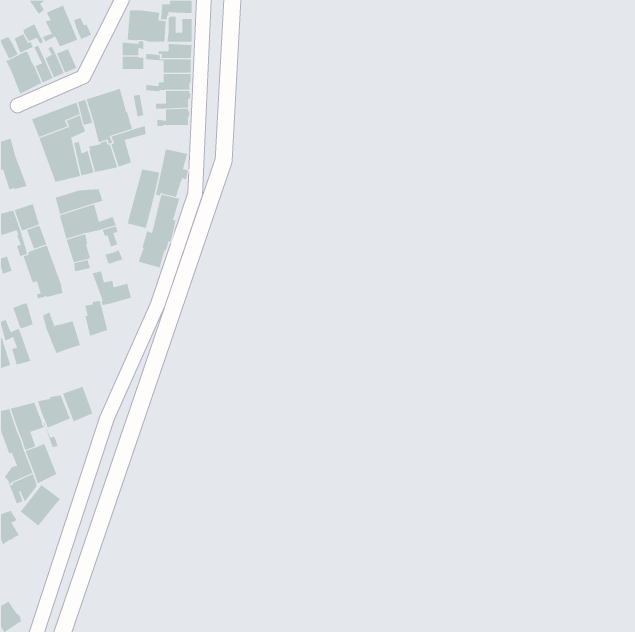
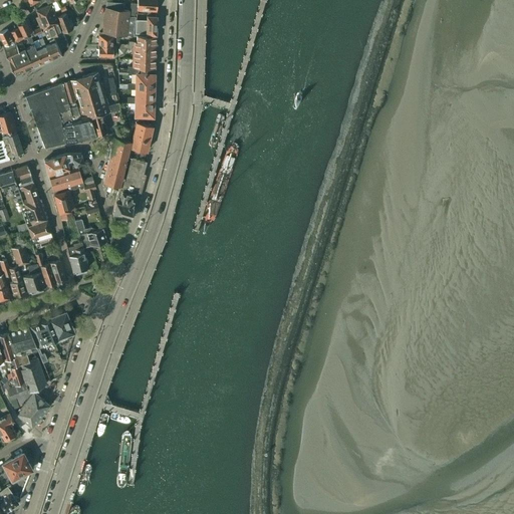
building: none -> [133,103,154,126]
building: none -> [22,264,45,293]
building: none -> [4,455,30,480]

